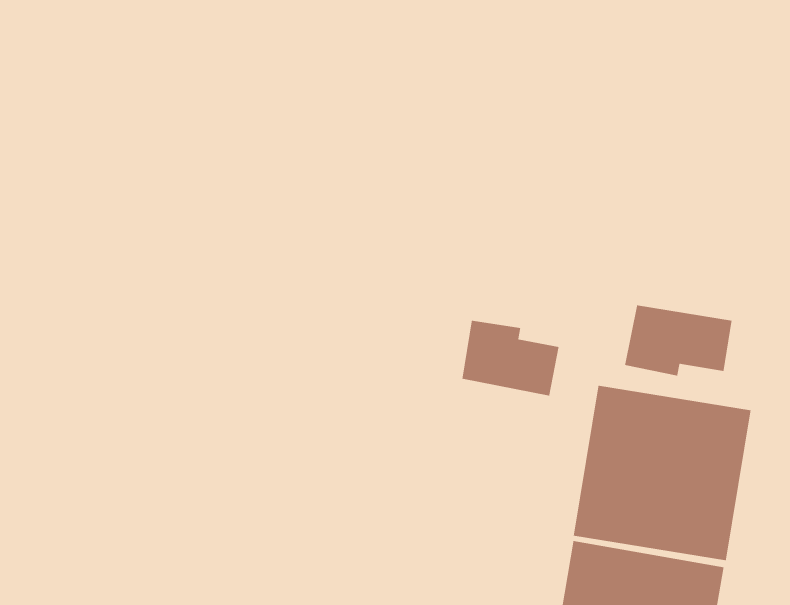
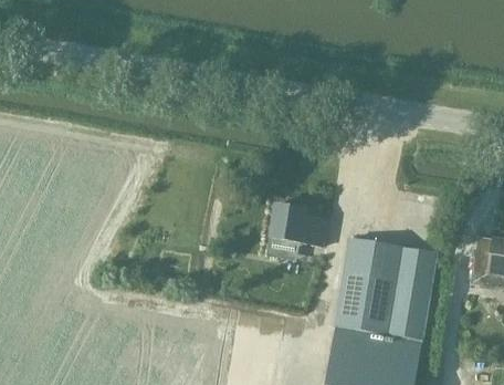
building: [624,304,733,376] -> none

